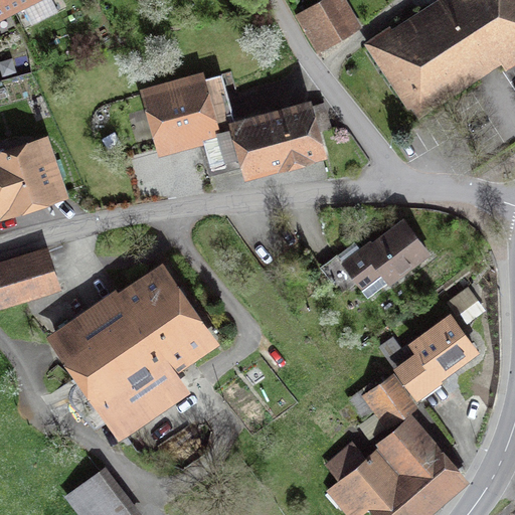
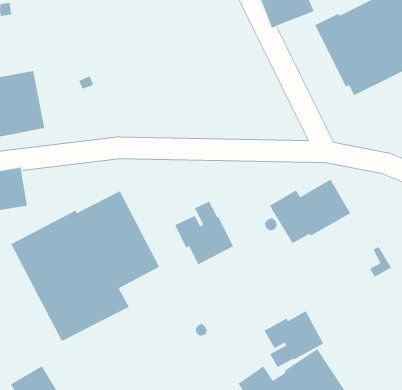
building: [139,70,328,180] -> none
building: none -> [174,200,234,265]
building: [383,312,479,401] -> none

